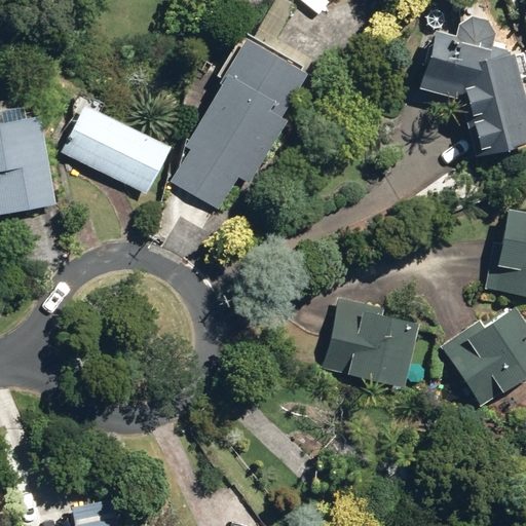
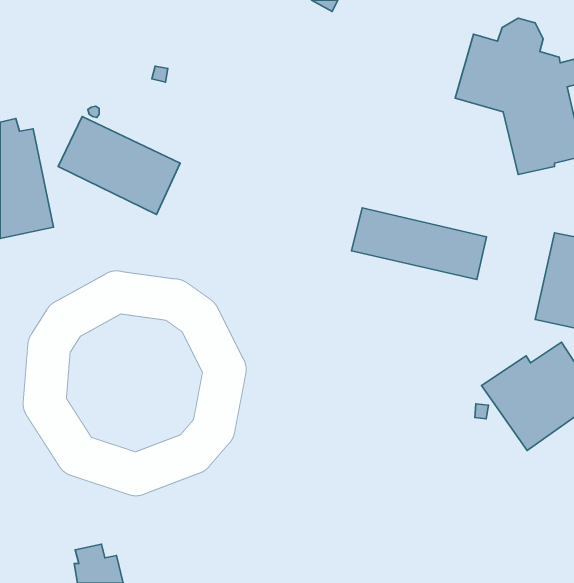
building: [174,41,306,215] -> none
building: none -> [352,208,487,279]
building: [324,298,421,386] -> none

